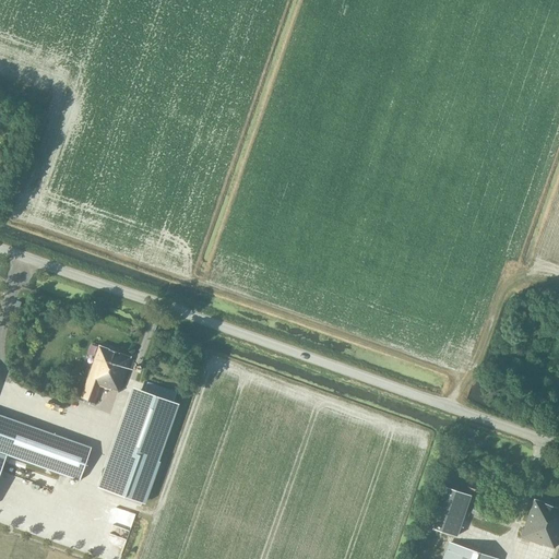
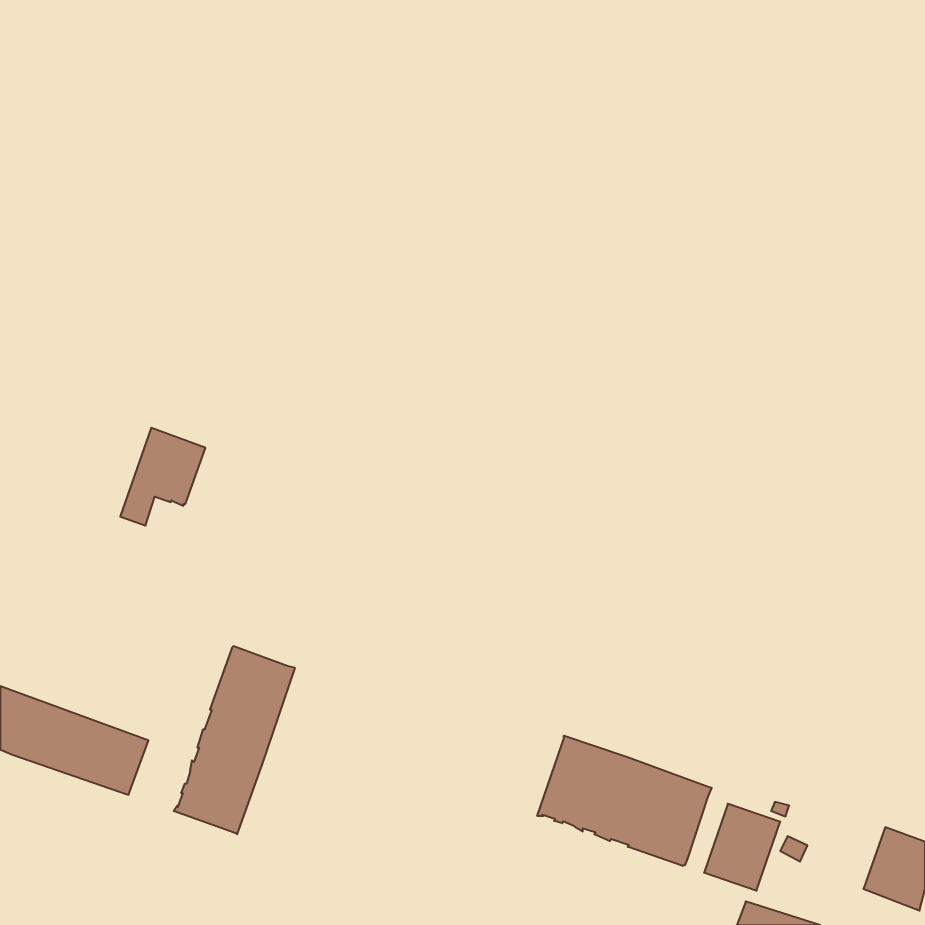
building: [80,345,131,404] -> [120,428,205,526]
building: none -> [537,736,712,866]

